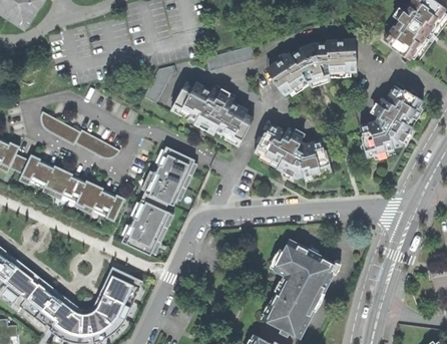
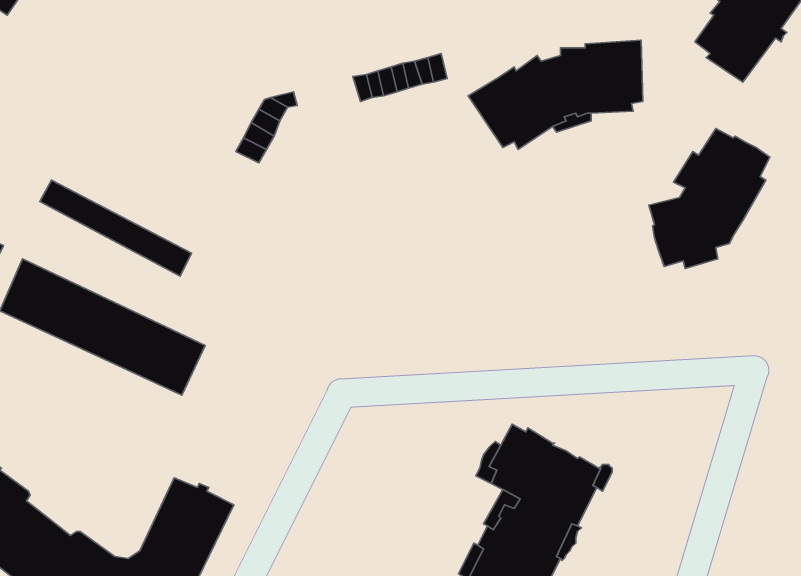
building: [170,82,253,146] -> none
building: [253,123,330,182] -> none
building: [123,146,195,255] -> none

